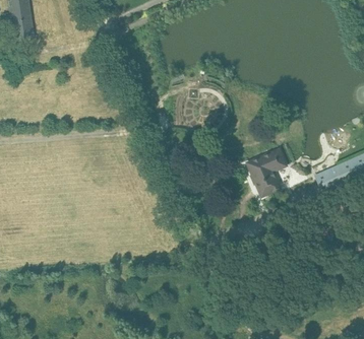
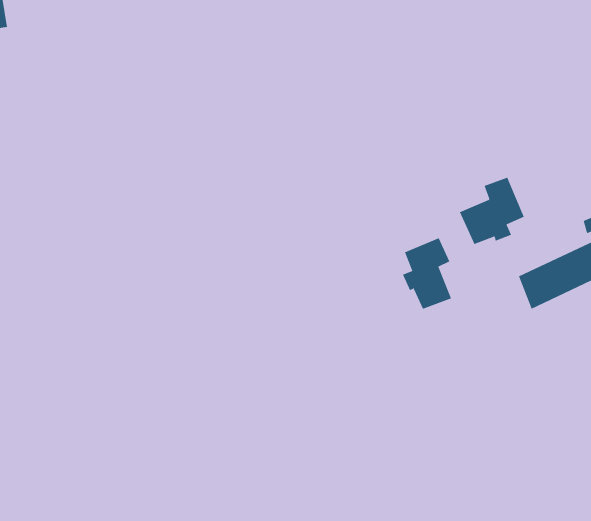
building: none -> [459,177,525,245]

